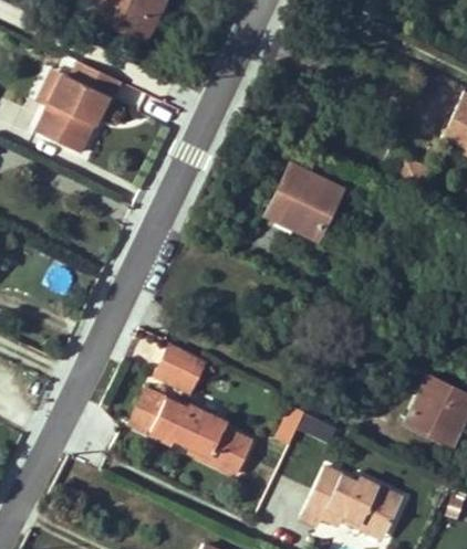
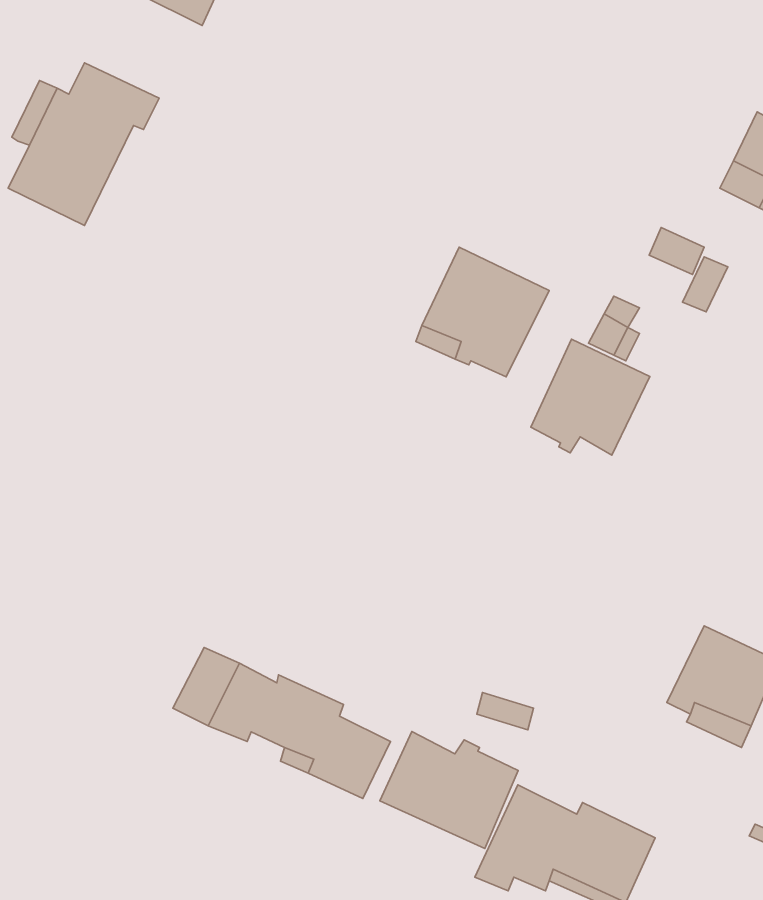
building: none -> [531,339,650,455]
building: [154,344,206,391] -> none
building: none -> [380,731,518,848]

